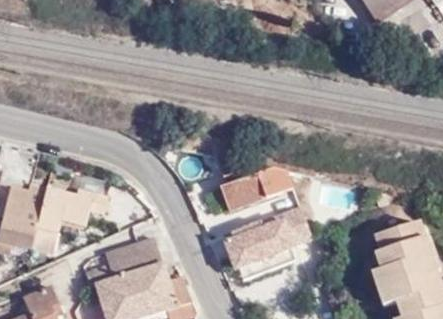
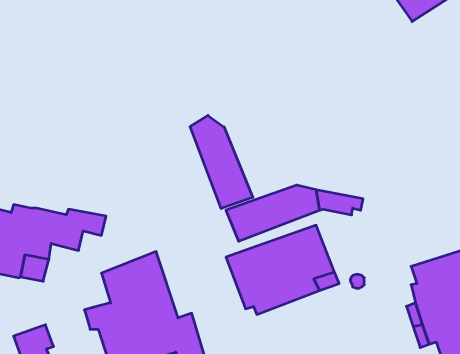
building: none -> [190,115,253,209]

